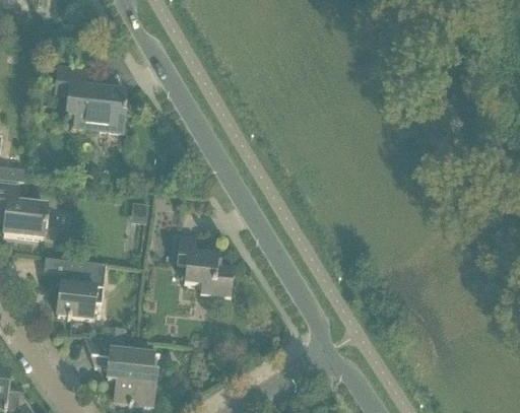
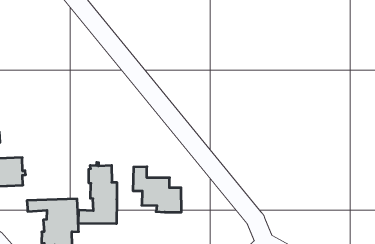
building: [55,68,126,133] -> none
building: none -> [79,162,117,224]

